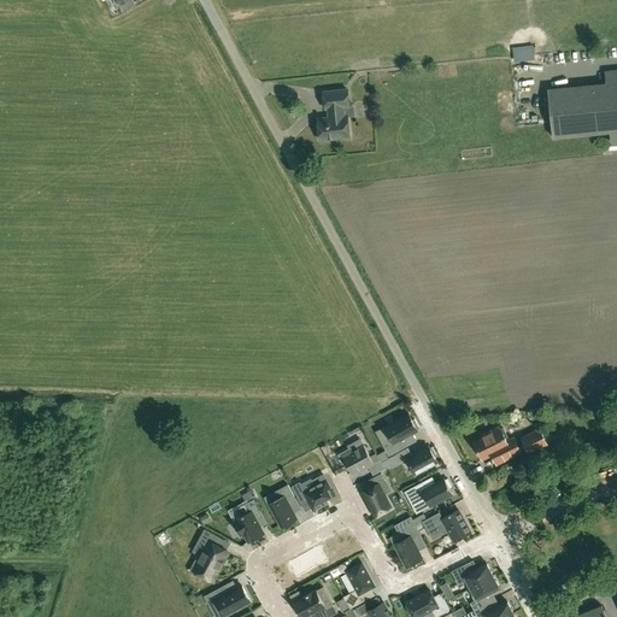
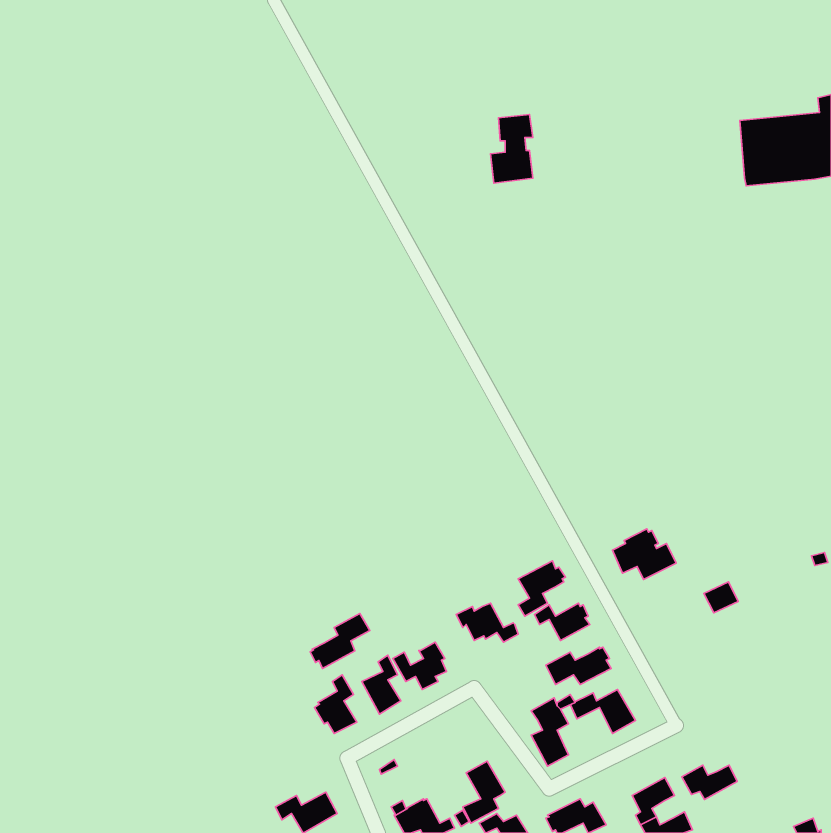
building: [317,89,348,140] -> [490,115,533,183]
building: [474,427,521,464] -> [613,529,676,580]
building: none -> [310,613,370,668]
building: [362,474,389,517] -> none
building: [189,529,227,581] -> none
building: [451,563,492,588] -> [682,765,737,799]

